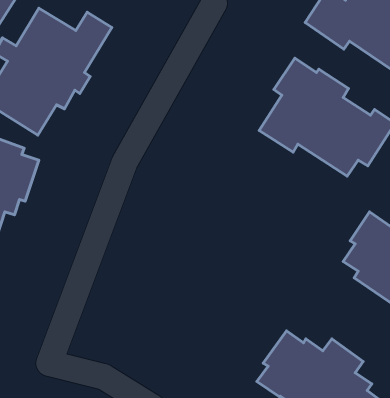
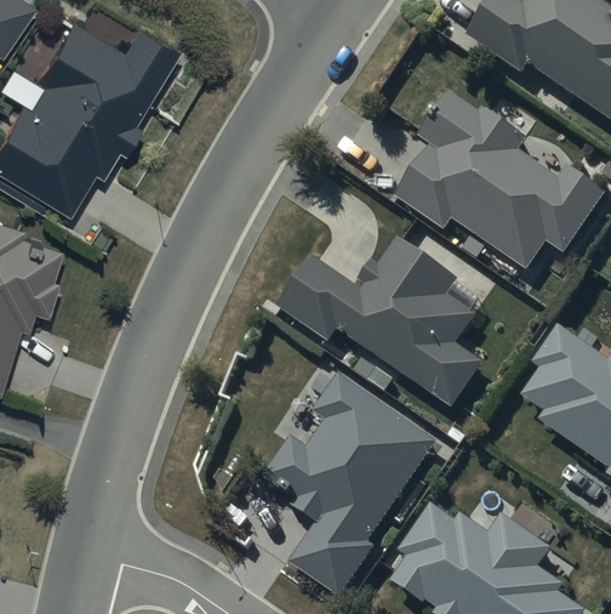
building: none -> [276,238,484,410]
building: none -> [263,376,436,596]

